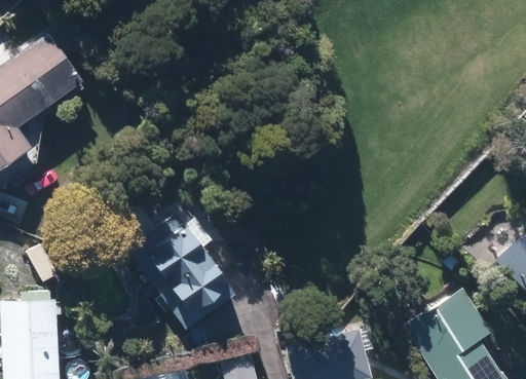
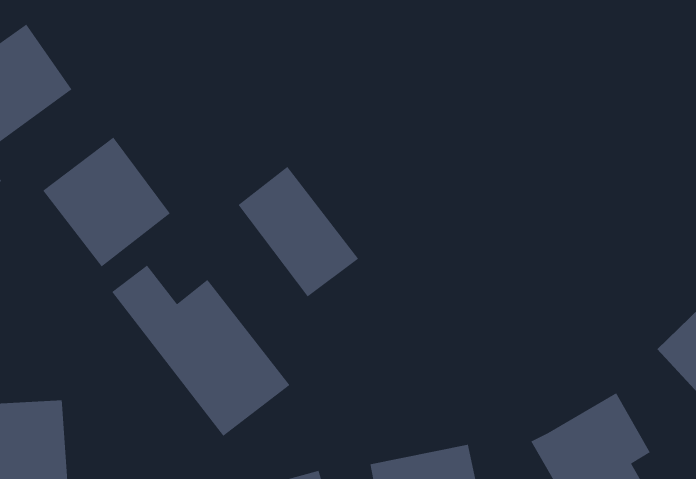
building: none -> [42,137,171,267]
building: none -> [237,166,359,297]

